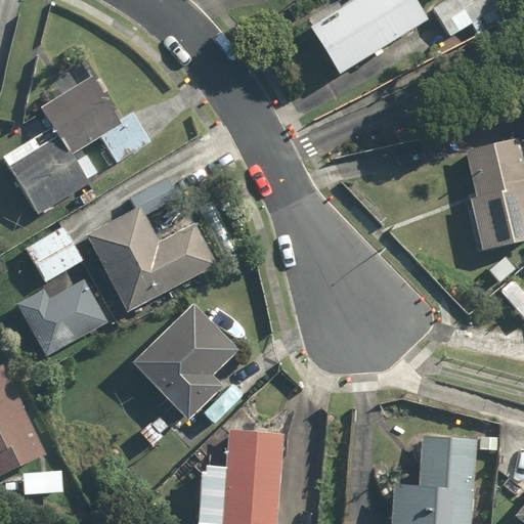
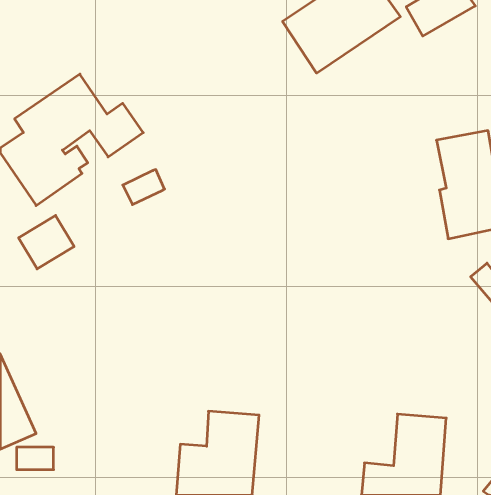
building: [85,207,221,312] -> none
building: [17,276,111,353] -> none
building: [130,302,237,422] -> none

